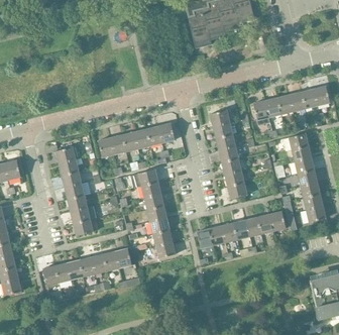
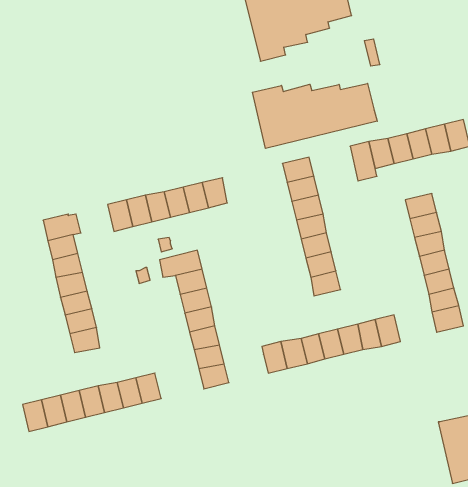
building: none -> [252,83,377,148]

